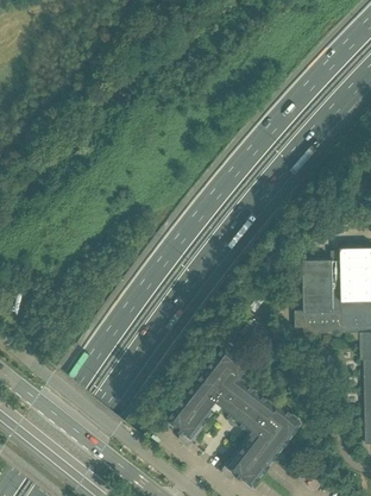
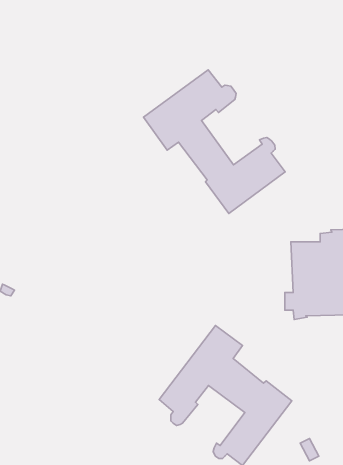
building: none -> [144,70,285,214]

